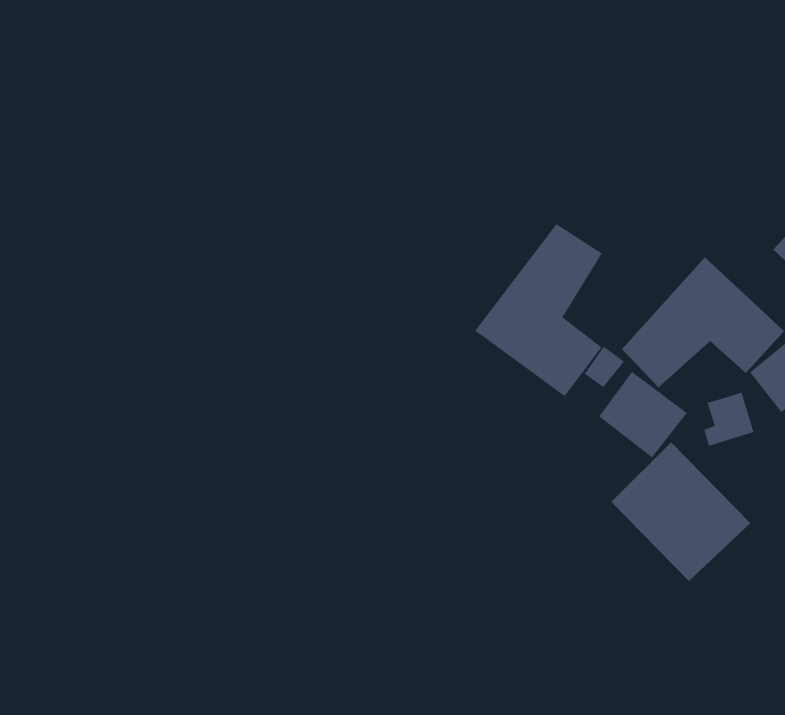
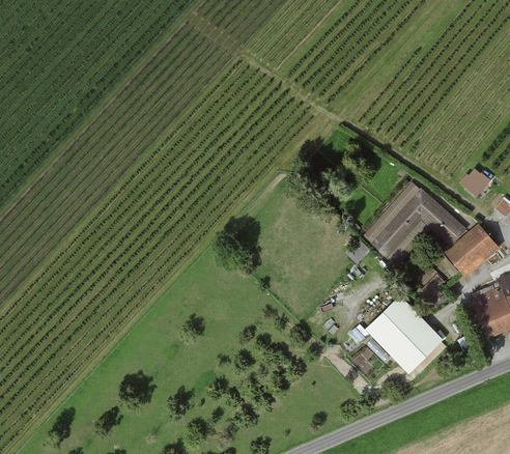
building: [474,223,603,397] -> none
building: [598,371,688,459] -> none

